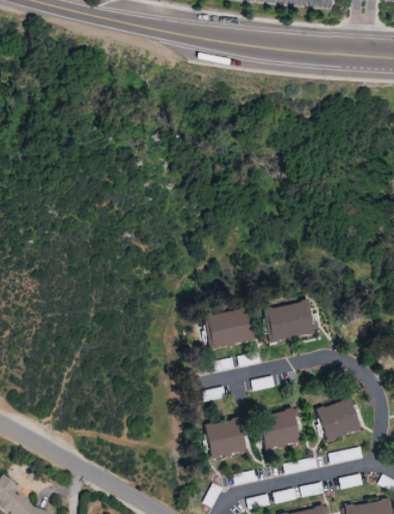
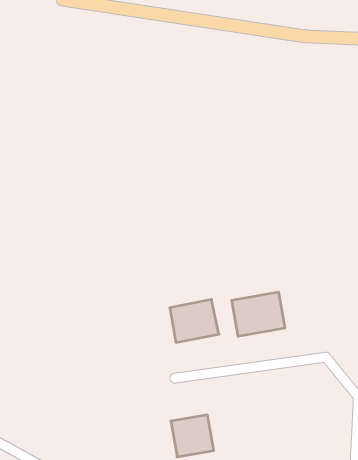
building: [315,397,362,443] -> none
building: [258,410,300,450] -> none

